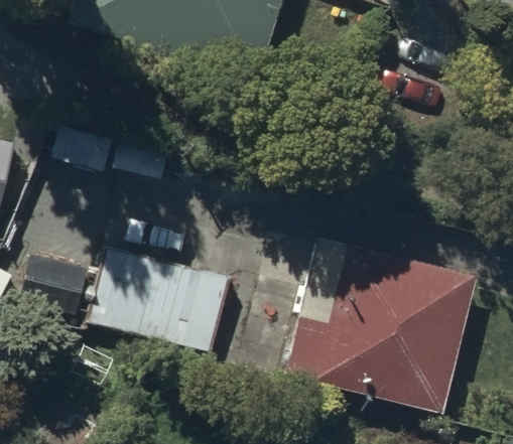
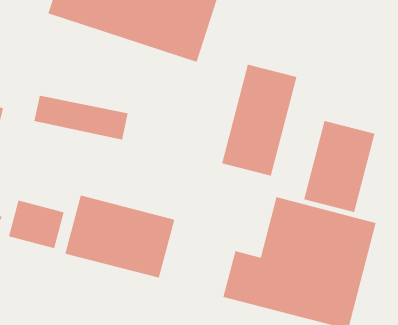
building: none -> [222,64,297,176]
building: none -> [304,120,375,213]

